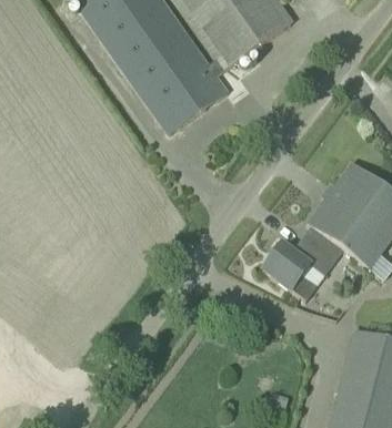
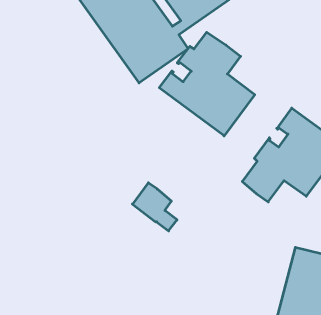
building: none -> [159,32,255,136]
building: [264,243,318,300] -> [132,183,177,231]

